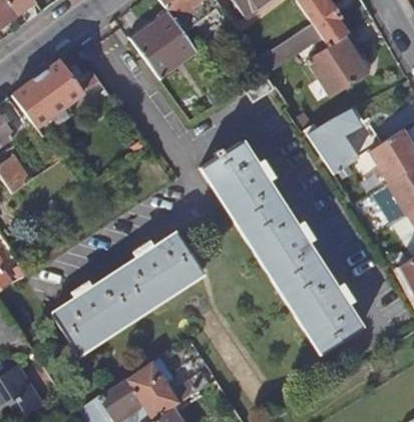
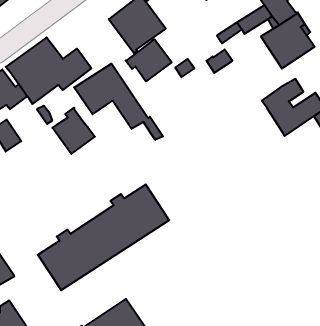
building: none -> [126,39,172,81]
building: none -> [74,64,163,140]
building: [200,140,361,354] -> none
building: none -> [52,108,95,154]

